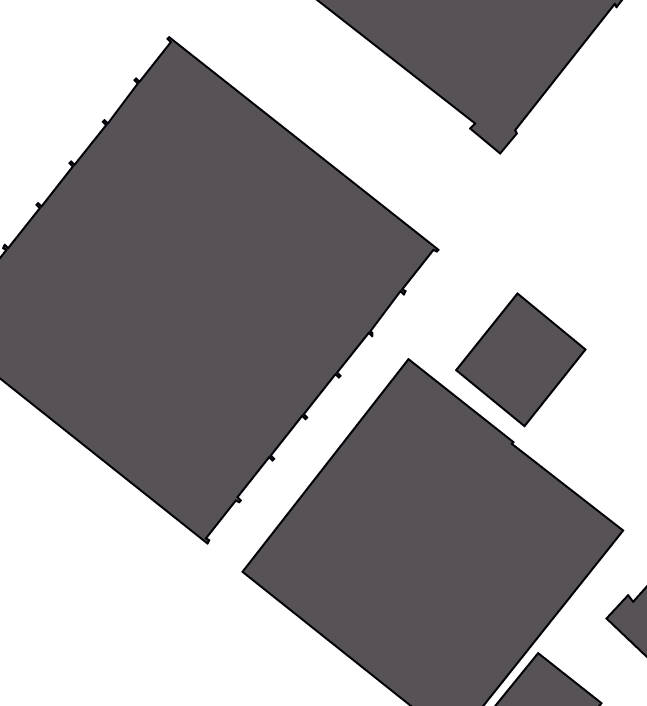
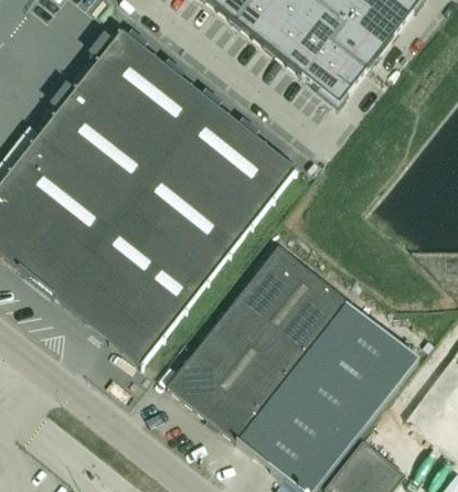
building: [456,294,586,426] -> none

